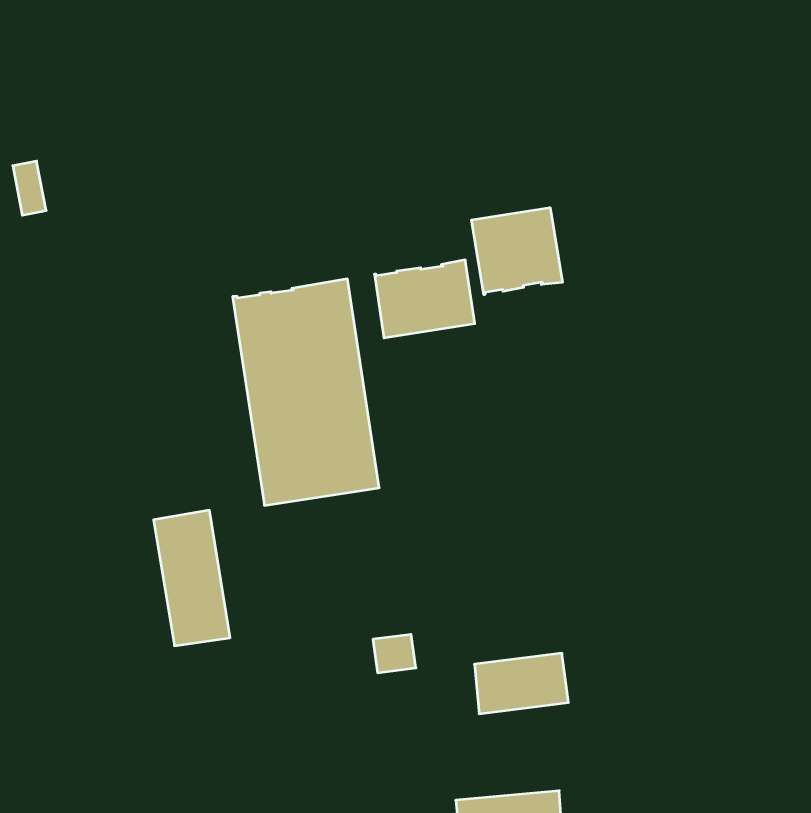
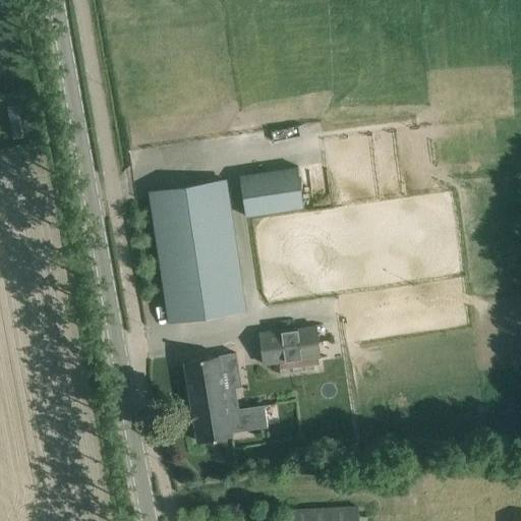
building: [472,208,562,295] -> none
building: [154,510,230,646] -> [185,355,234,442]
building: [474,653,568,714] -> [262,327,322,365]

